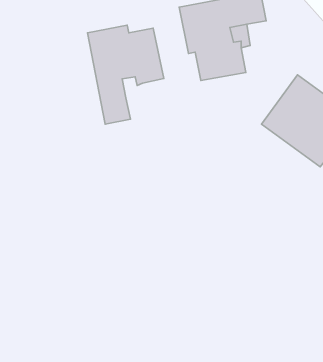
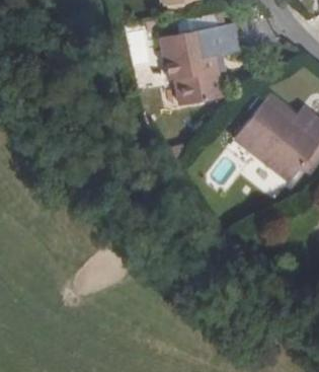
building: [87,25,164,124] -> none

